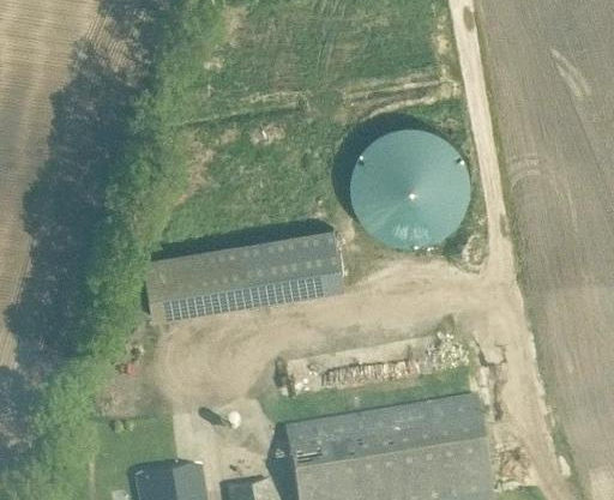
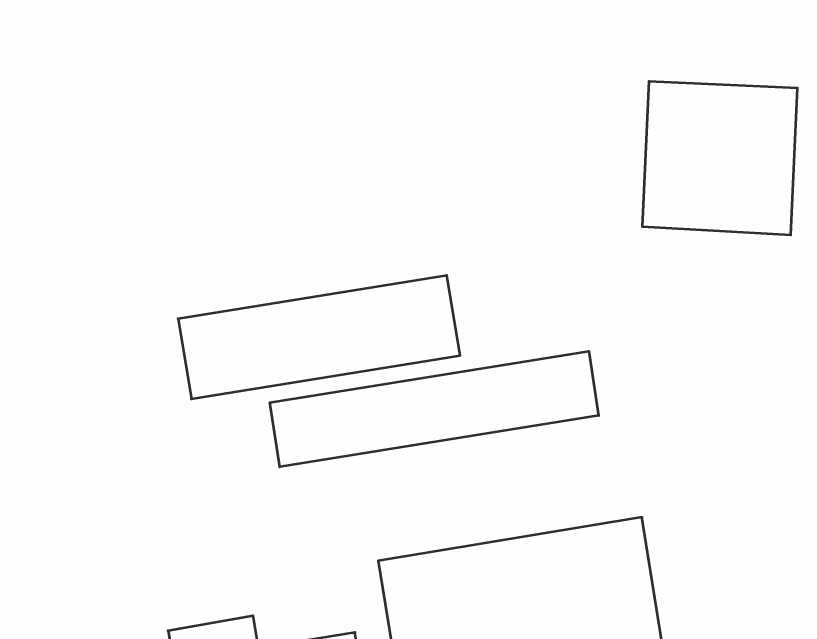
building: [355,127,466,237] -> [642,81,797,235]
building: none -> [270,351,599,467]

